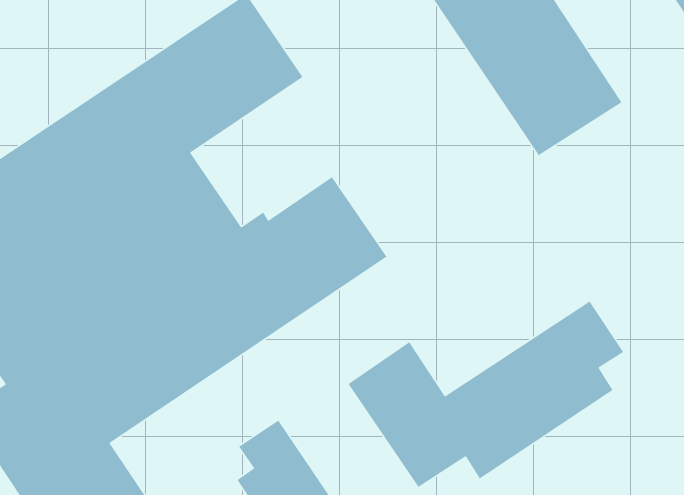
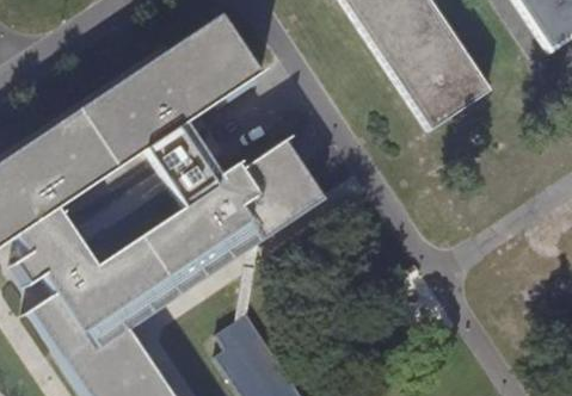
building: [348,300,624,488] -> none

